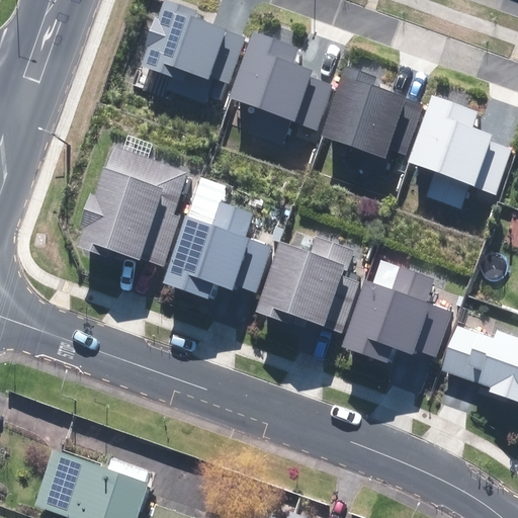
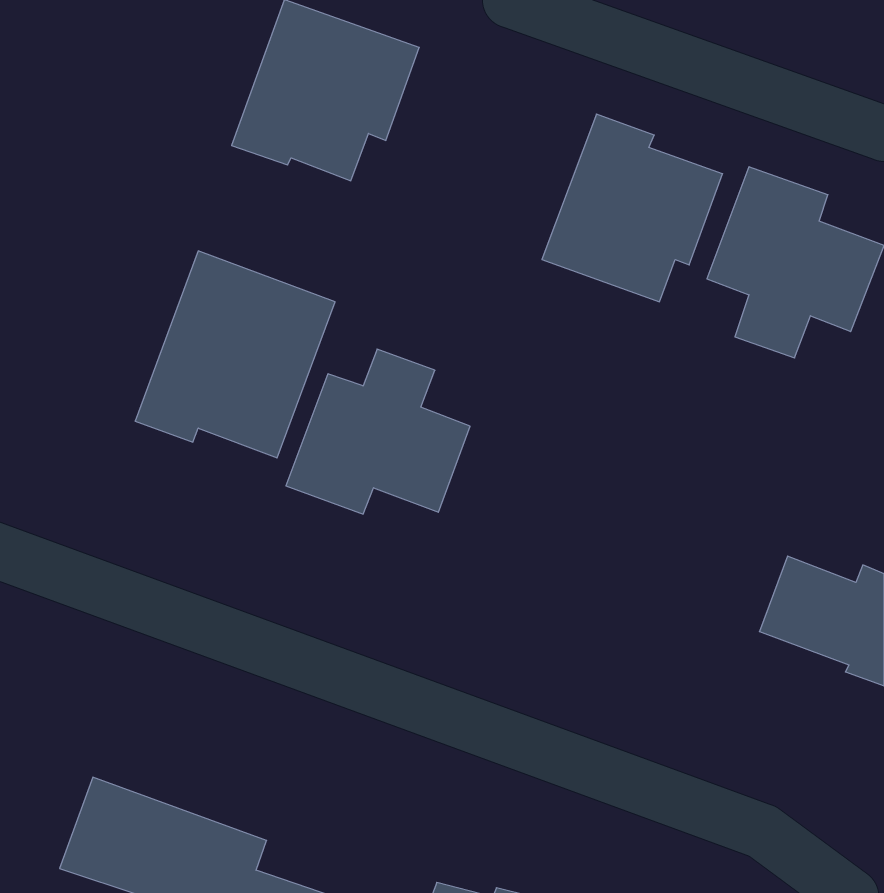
building: [231,34,331,144] -> none
building: [259,239,356,331] -> none
building: [343,267,448,362] -> none

